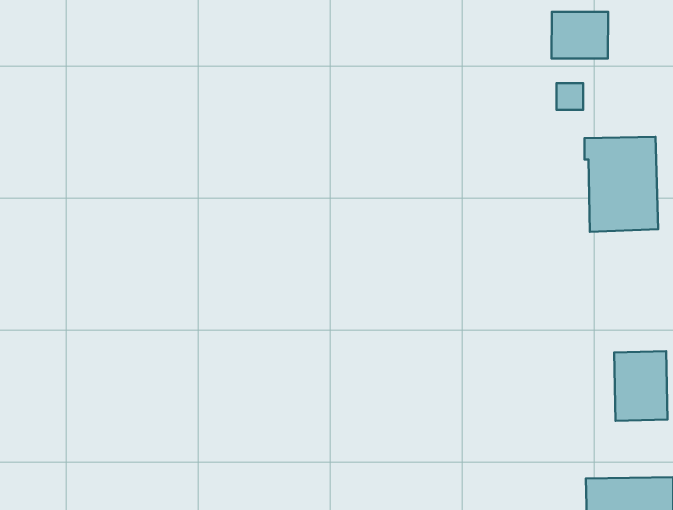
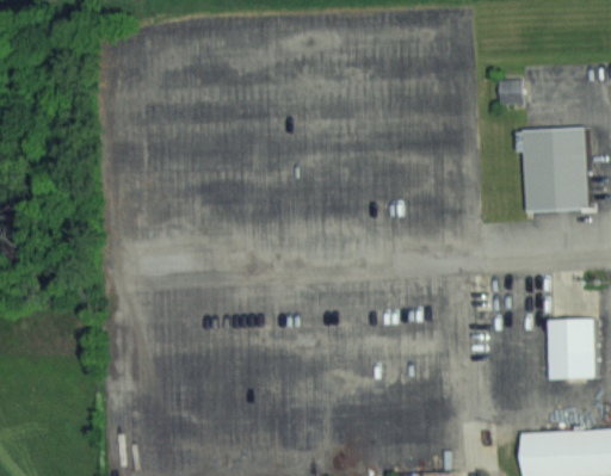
building: [552,12,608,59] -> none

